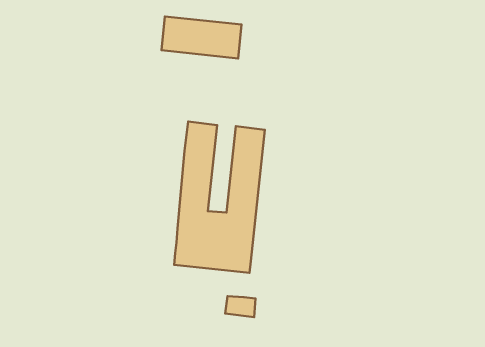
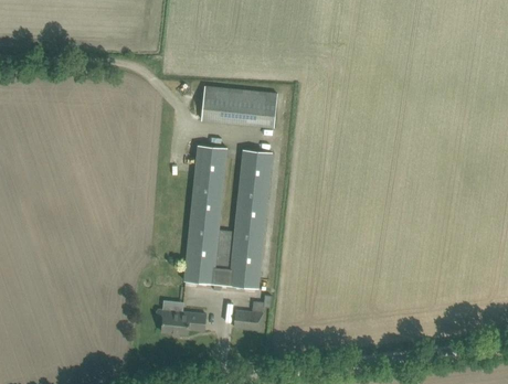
building: [161,16,242,58] -> [201,87,277,127]
building: none -> [157,309,207,334]

